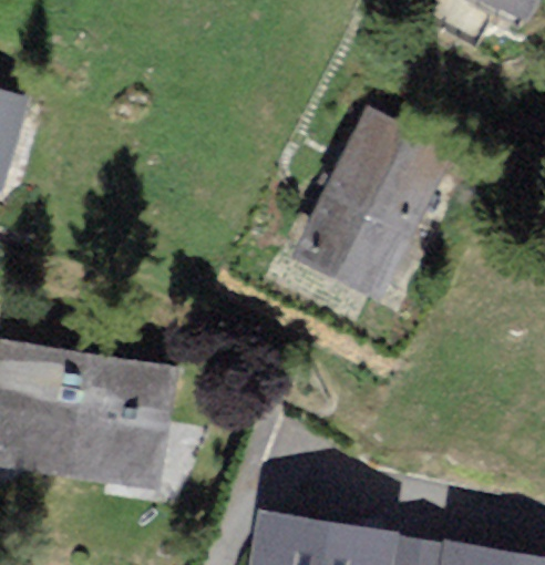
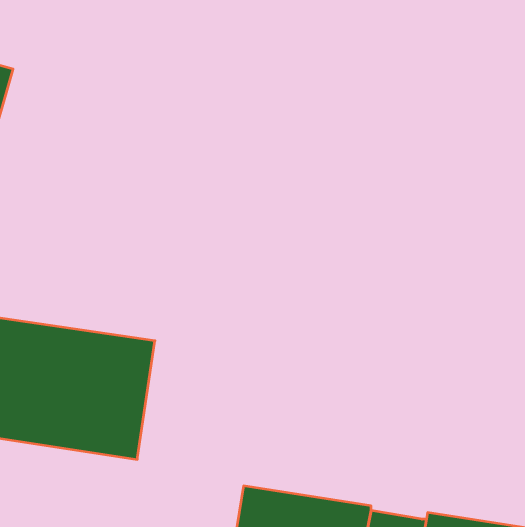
building: [299,122,441,292] -> none

